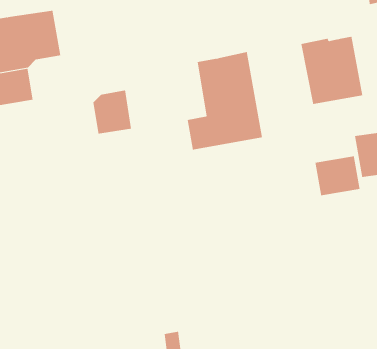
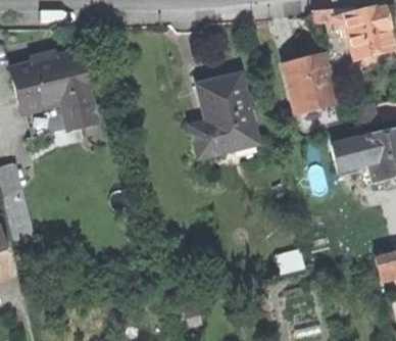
building: [92,90,132,134] -> [60,87,94,125]
building: [315,155,360,196] -> none

